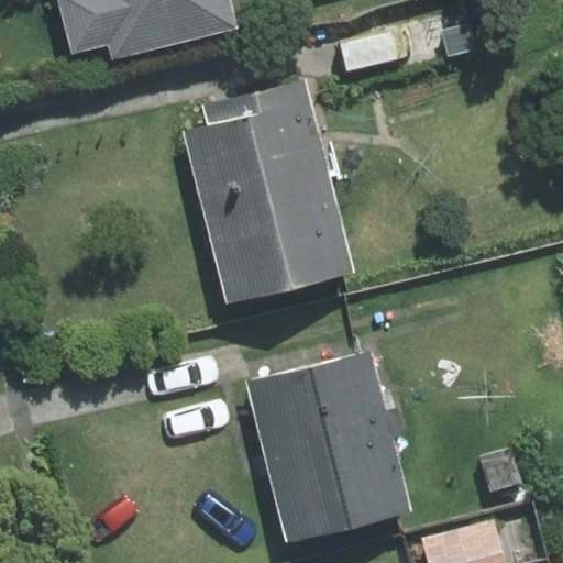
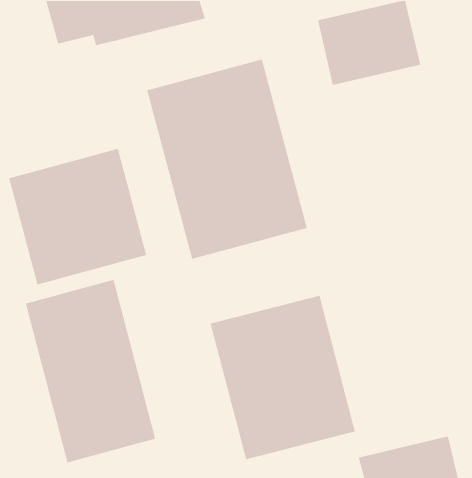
building: none -> [8,148,147,285]
building: none -> [25,279,156,463]

